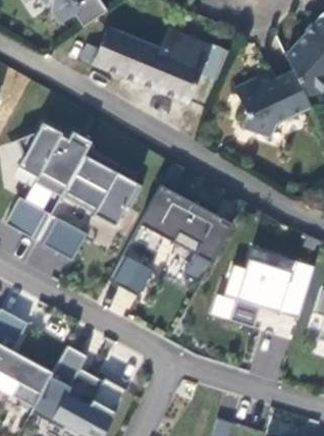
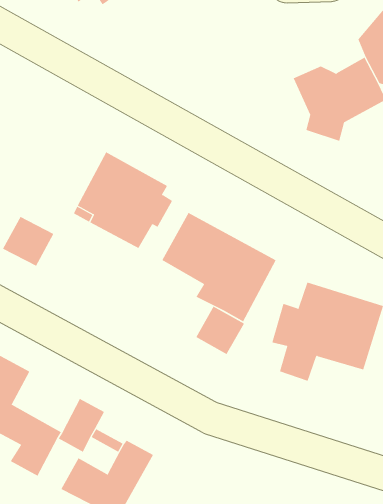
building: [85,29,212,102] -> none
building: [17,120,91,190] -> none
building: [43,217,88,259] -> none
building: [112,256,152,295] -> [195,306,245,355]

